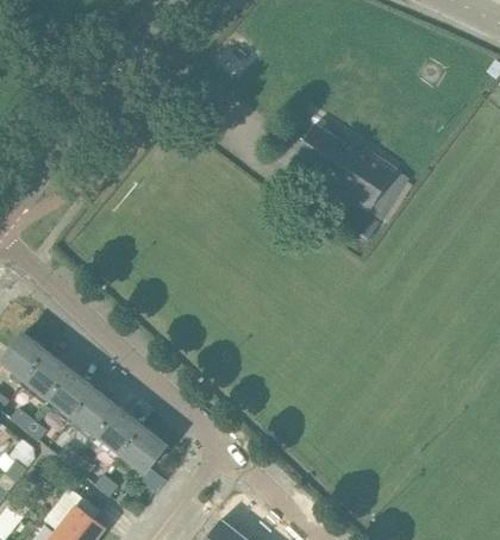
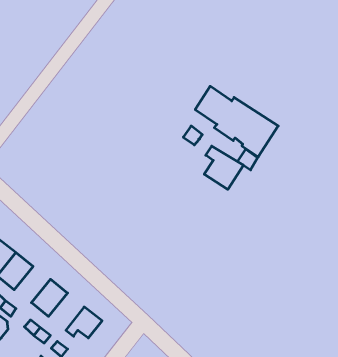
building: none -> [204,146,243,189]
building: [44,371,94,421] -> none
building: [92,408,140,459] -> none

